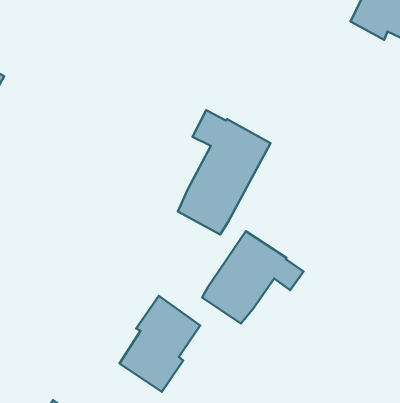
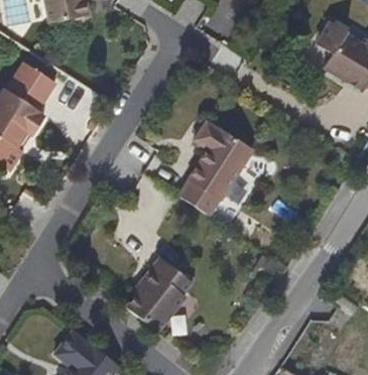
building: [202,231,304,324] -> none

